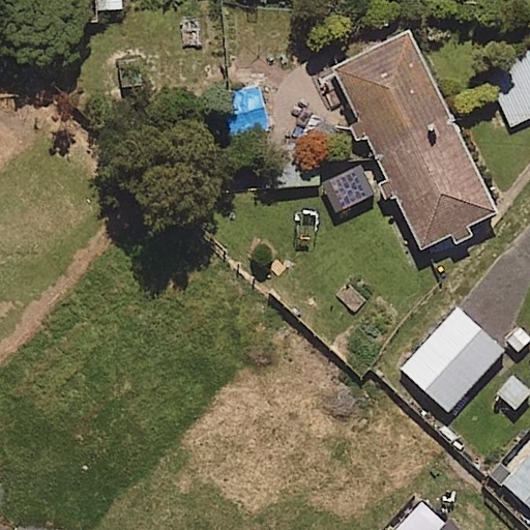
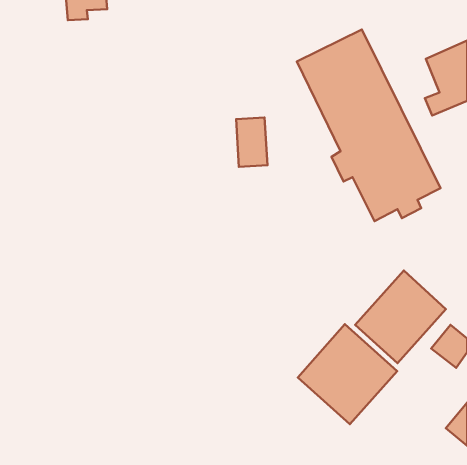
building: none -> [298,324,397,424]

